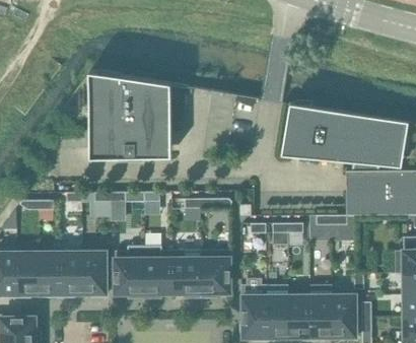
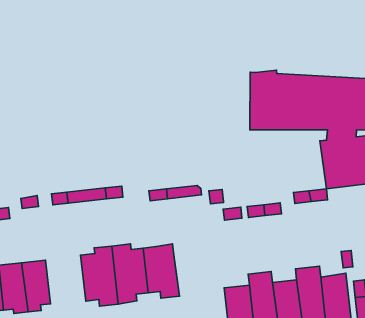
building: [89,69,171,159] -> none
building: [200,251,232,299] -> none
building: [82,253,106,298] -> none

